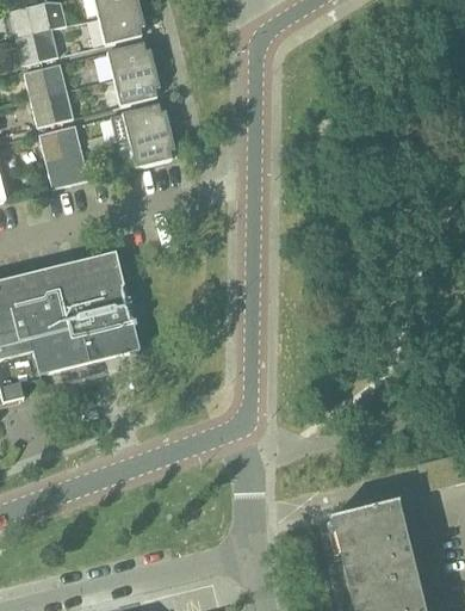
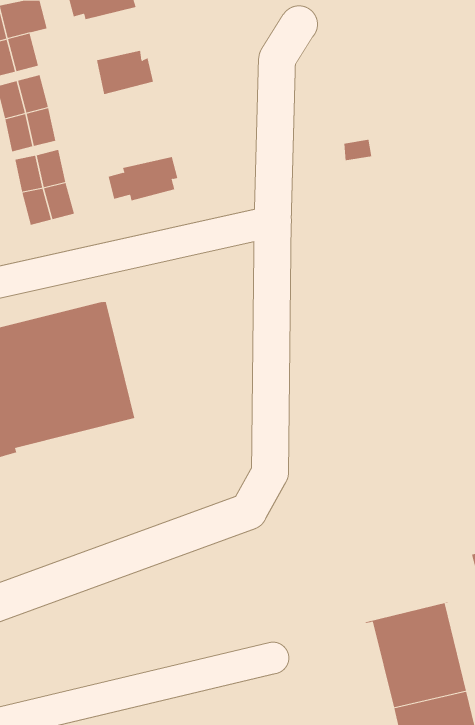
building: [97,7,143,45] -> none
building: [112,69,159,106] -> none
building: [110,105,169,143] -> none

